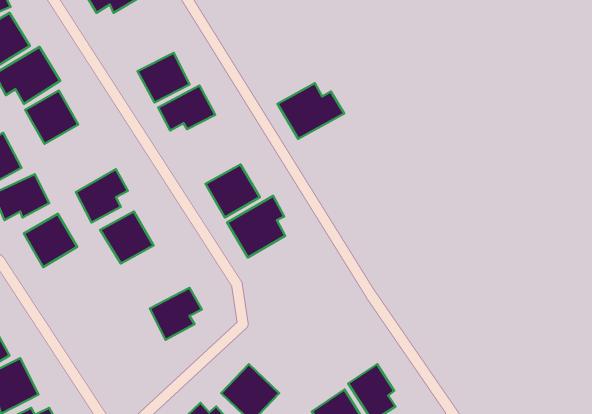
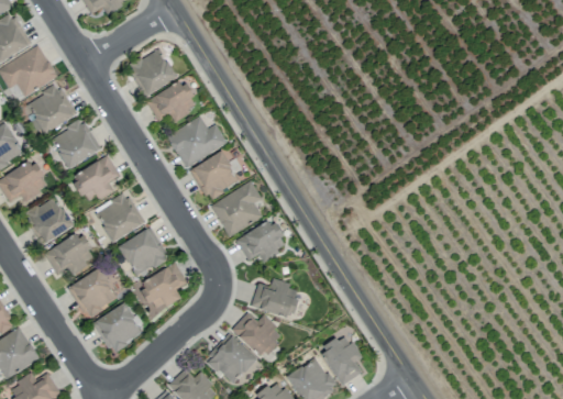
building: [277,83,344,139] -> [167,117,228,167]
building: none -> [51,120,99,168]
building: none -> [236,219,289,261]
building: none -> [119,229,167,276]
building: none -> [44,232,97,274]
building: none -> [67,267,119,319]
building: none -> [252,280,300,317]
building: none -> [95,303,143,352]
building: none -> [232,312,284,358]

